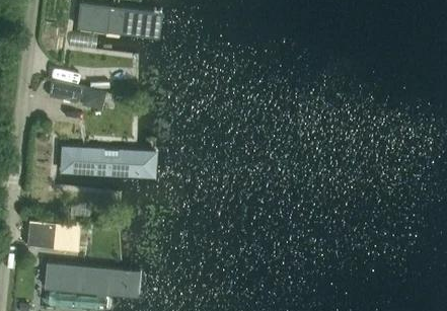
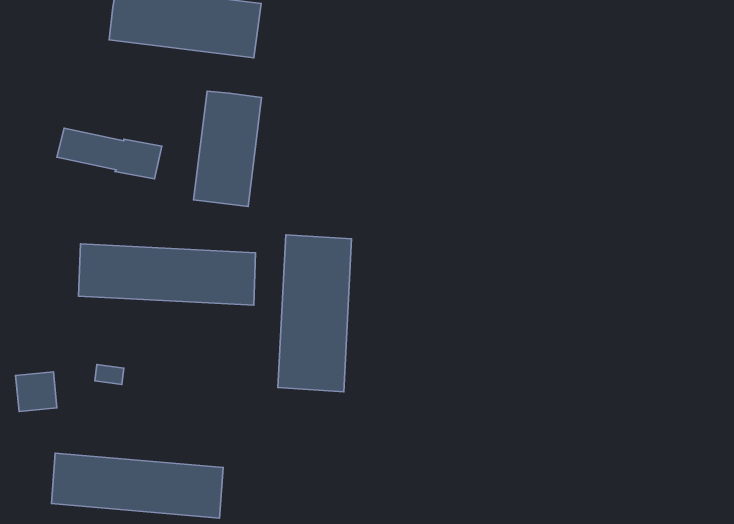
building: none -> [193,91,262,206]
building: none -> [278,235,352,392]

